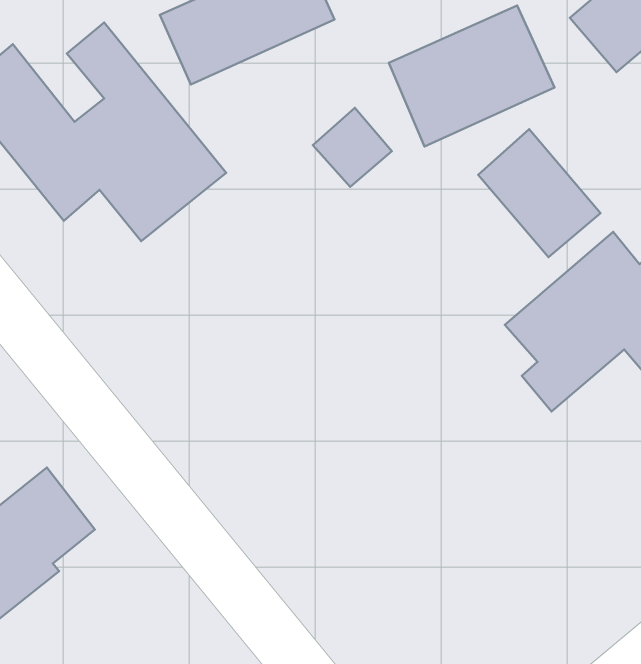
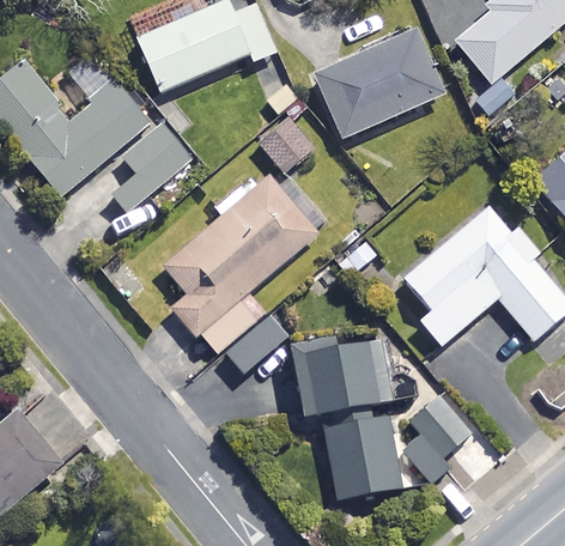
building: [478,129,600,257] -> none
building: none -> [164,174,318,372]
building: none -> [296,346,400,501]
building: none -> [401,398,470,475]

